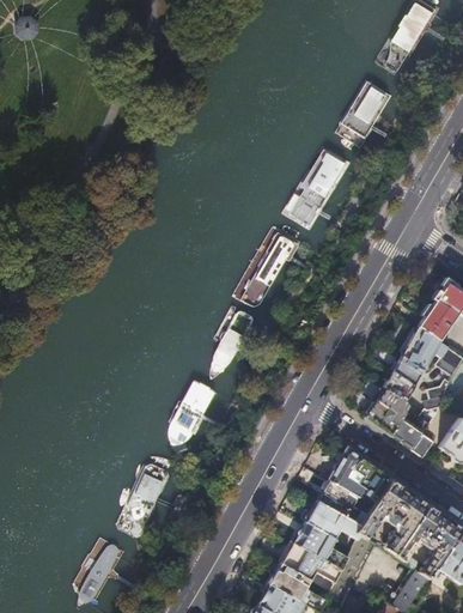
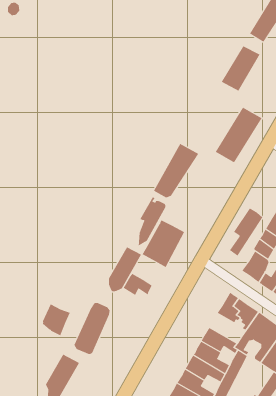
building: [282,148,353,232] -> [215,107,263,163]
building: none -> [229,207,263,257]
building: none -> [142,220,185,268]
building: none -> [123,273,153,296]
building: none -> [42,304,71,336]
building: [316,479,365,524] -> none

